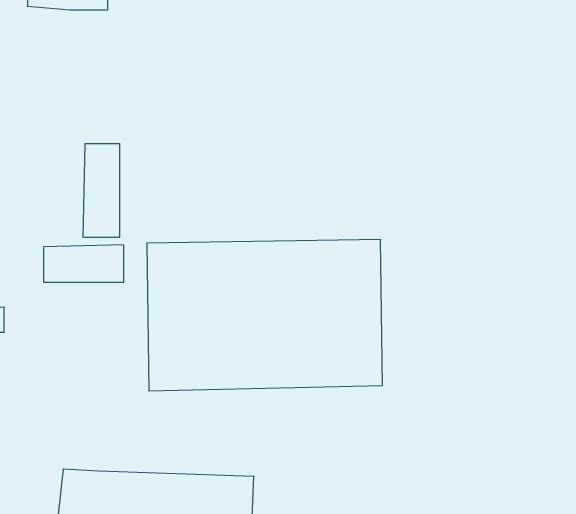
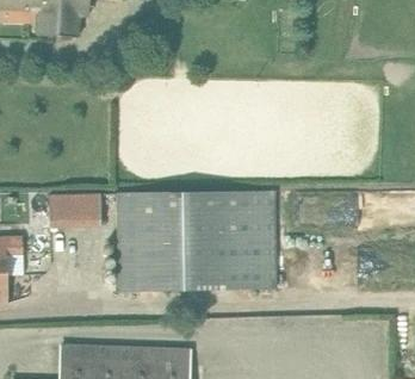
building: [83,144,120,237] -> none

